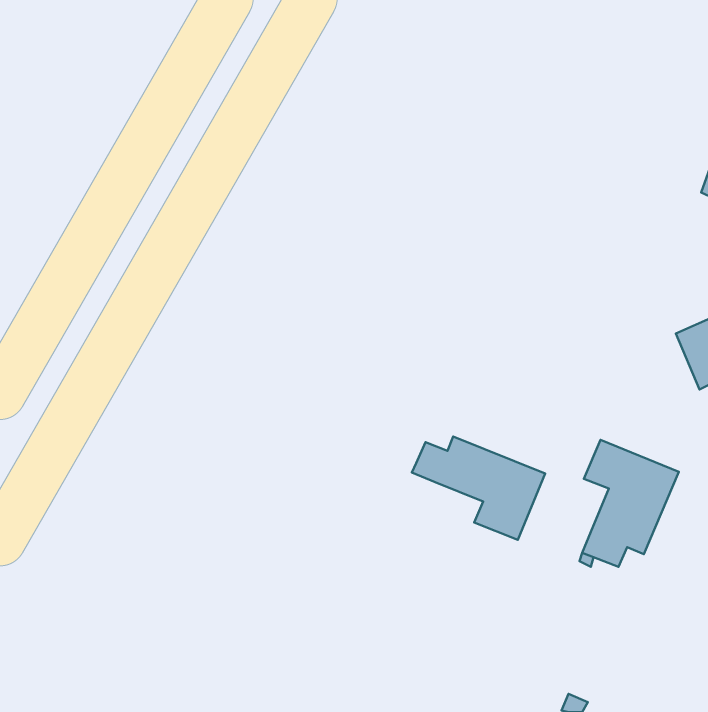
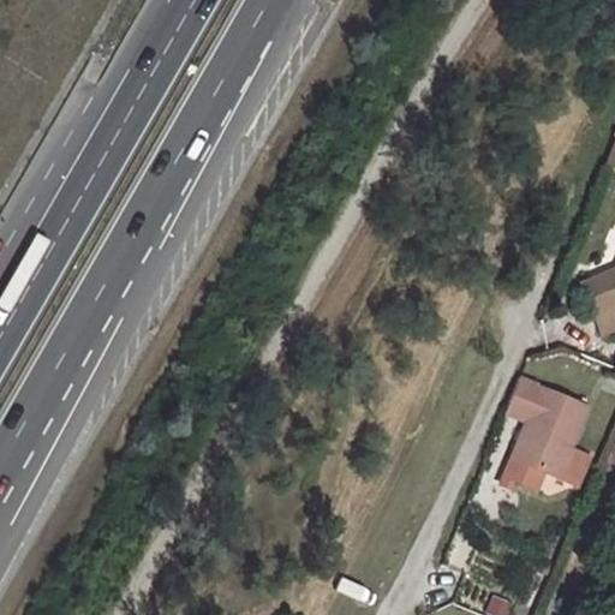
building: [412,437,545,540] -> none

